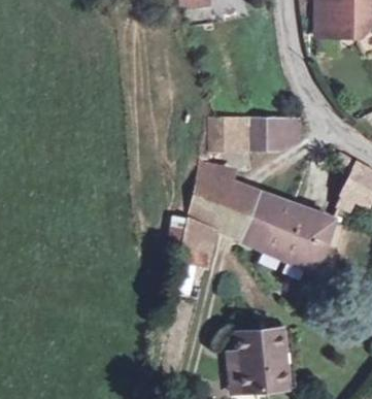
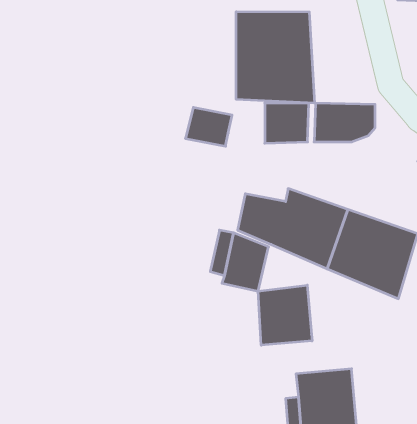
building: none -> [236,12,314,103]
building: [197,164,234,195] -> [185,107,232,146]
building: none -> [258,285,312,345]

